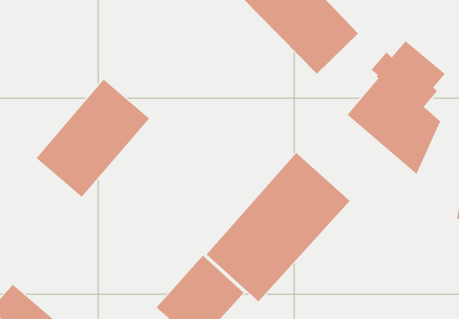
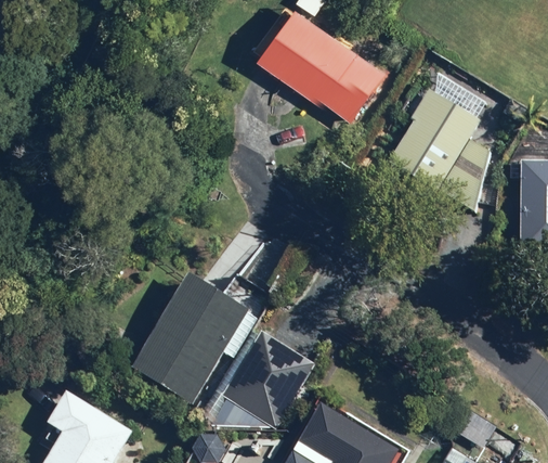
building: [35,79,150,198] -> [135,276,248,404]
building: [206,152,350,302] -> none

